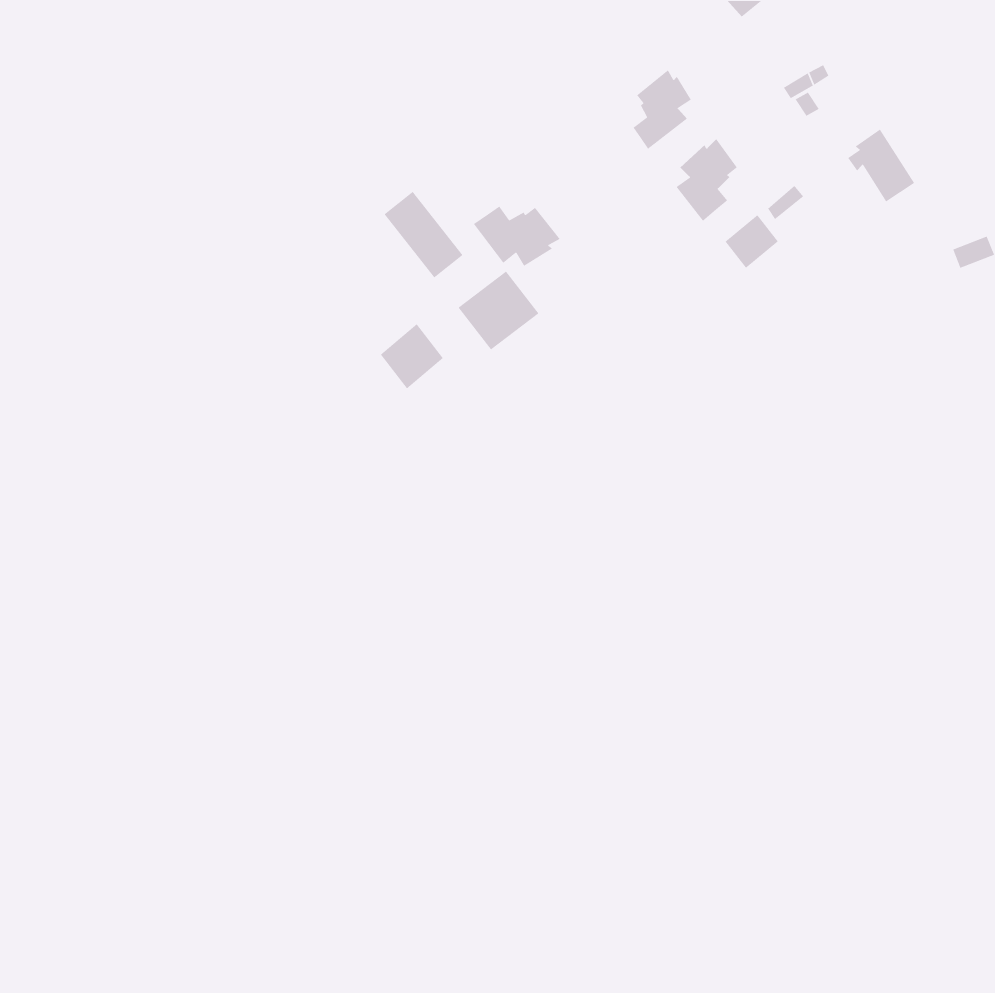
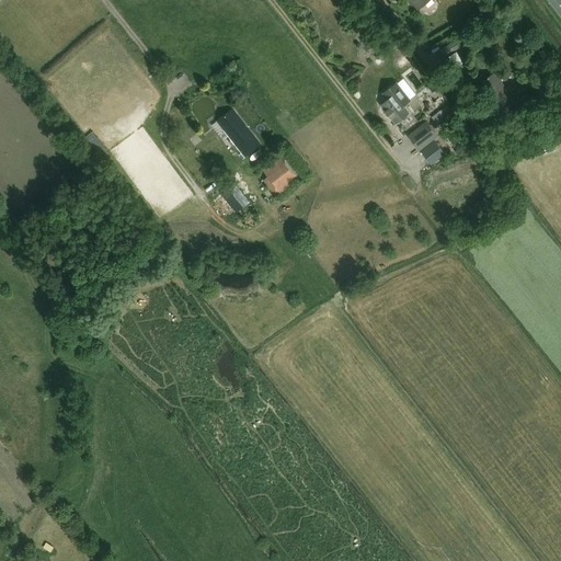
building: [632,69,692,150] -> none
building: [473,205,561,267] -> none

